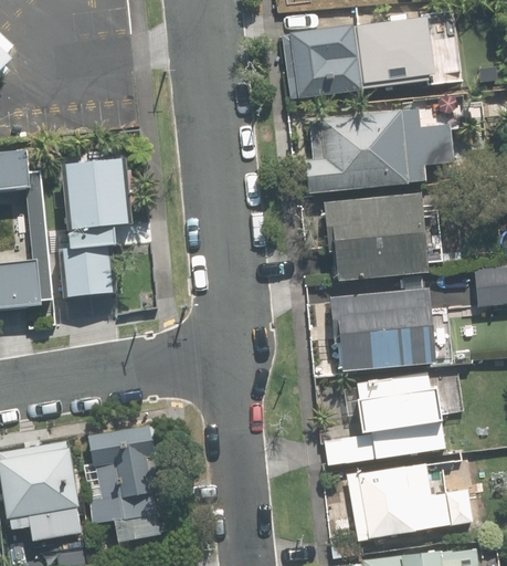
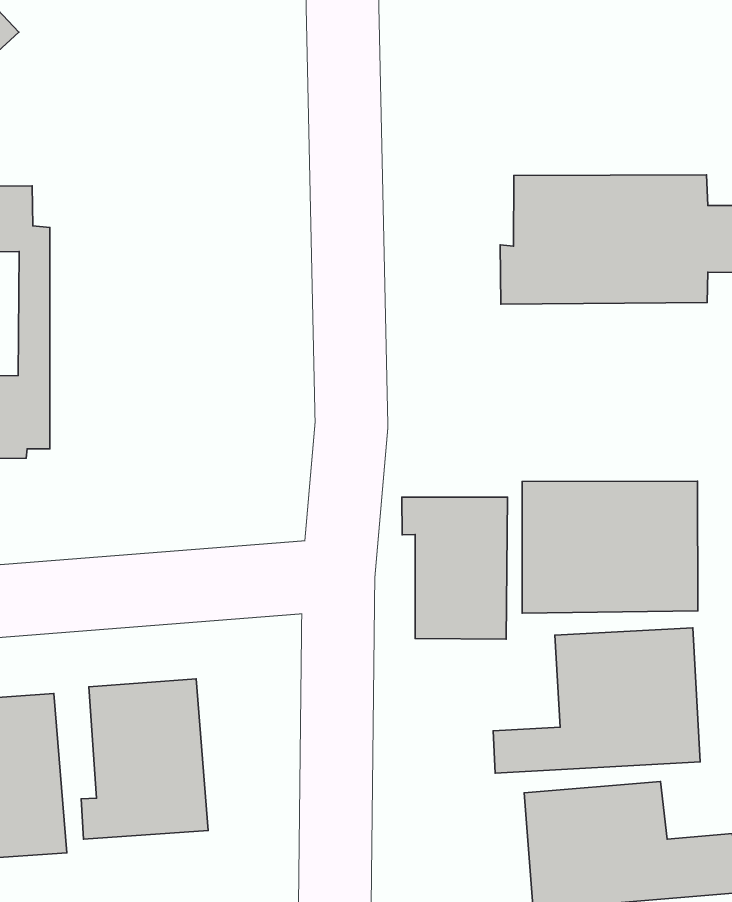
building: [282,17,429,99] -> none
building: [60,157,130,296] -> none
building: [323,192,431,281] -> none
building: none -> [402,497,507,639]

